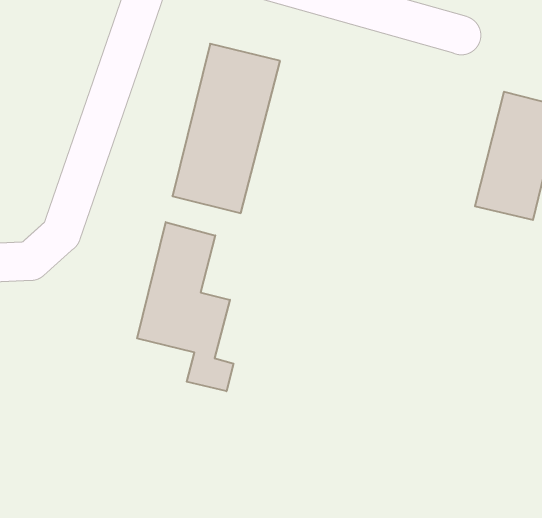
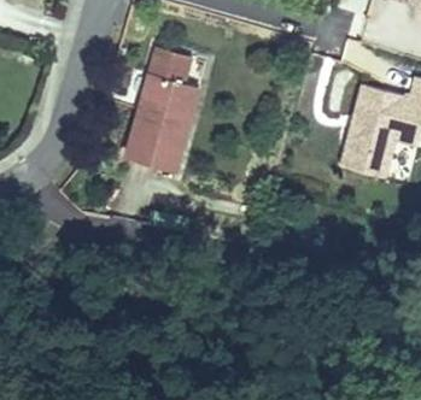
building: [137,222,233,391] -> none

